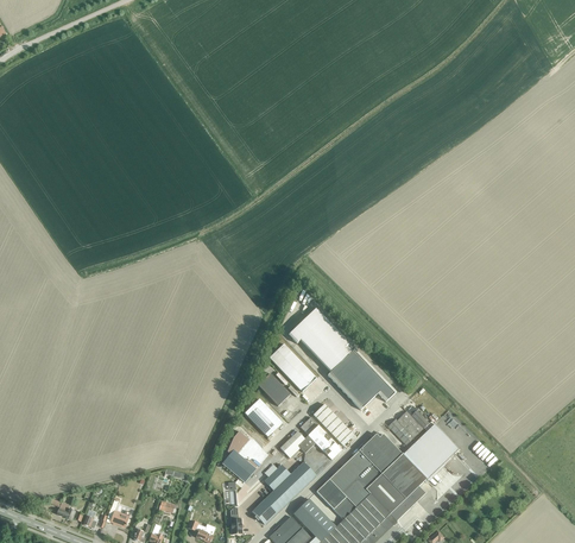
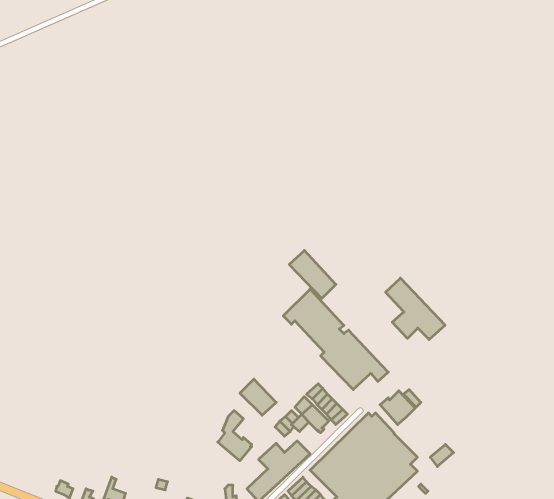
building: none -> [386,278,445,340]
building: [268,342,316,391] -> [289,250,336,298]
building: [258,372,290,405] -> none
building: [403,423,459,479] -> none

